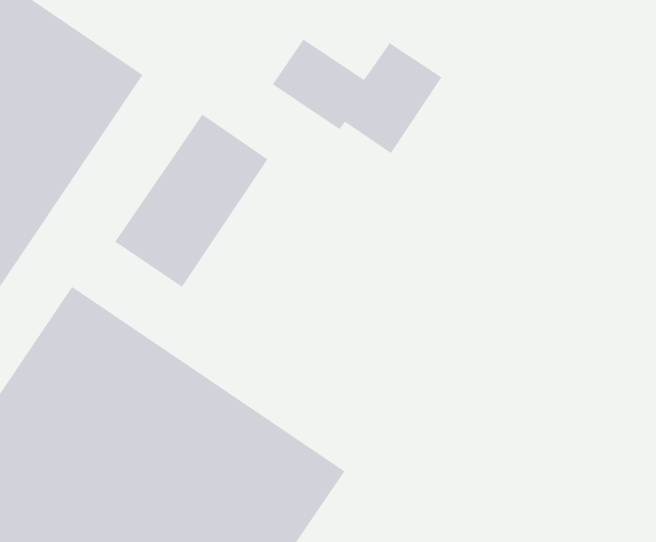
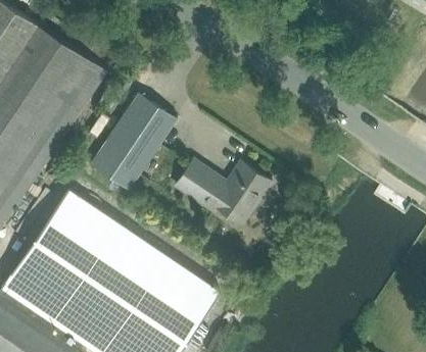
building: [272,39,443,154] -> [176,160,271,224]

